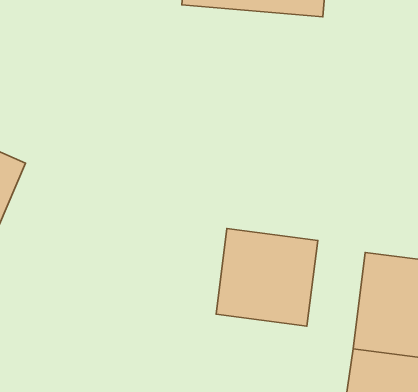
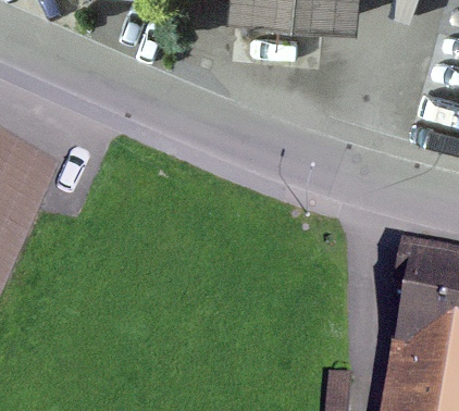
building: [216,229,318,326] -> none

